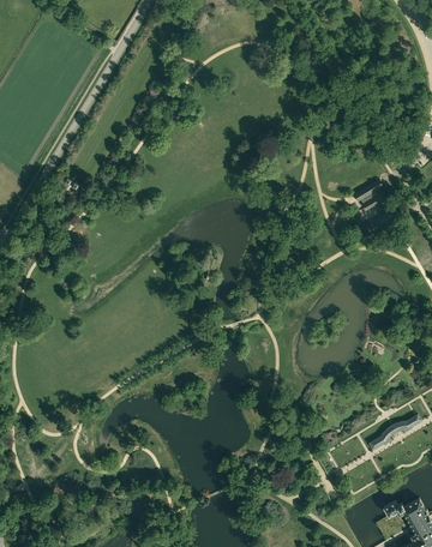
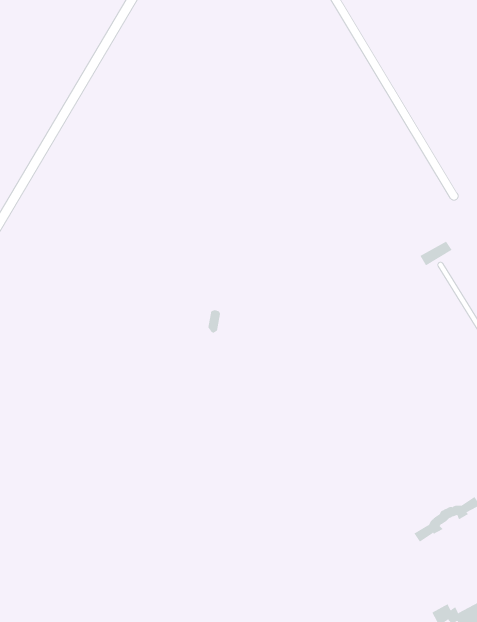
building: [355,180,389,211] -> none

